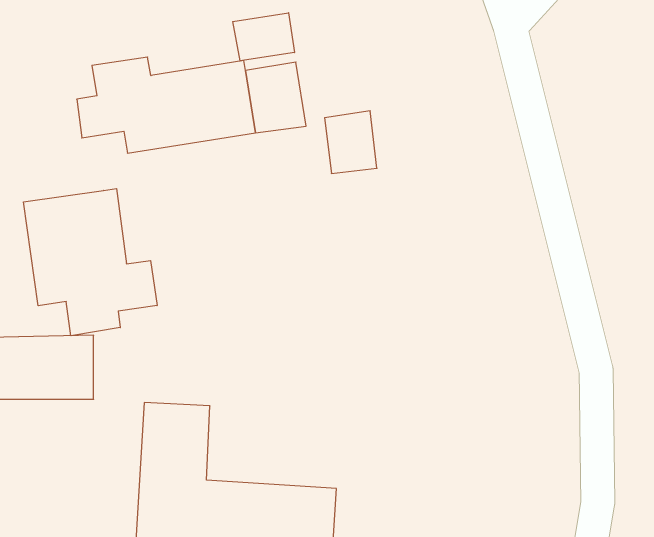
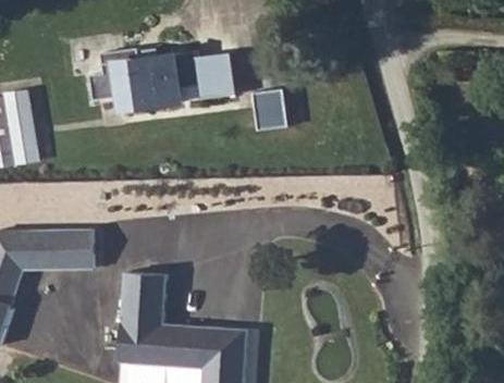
building: [233,13,294,61] -> none
building: [24,189,157,336] -> none

